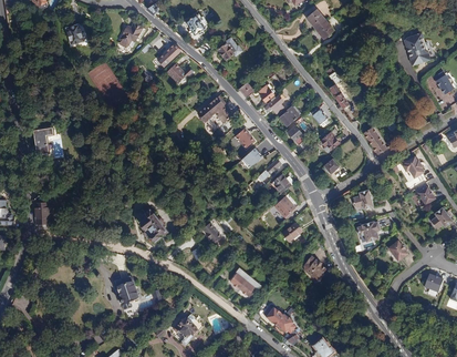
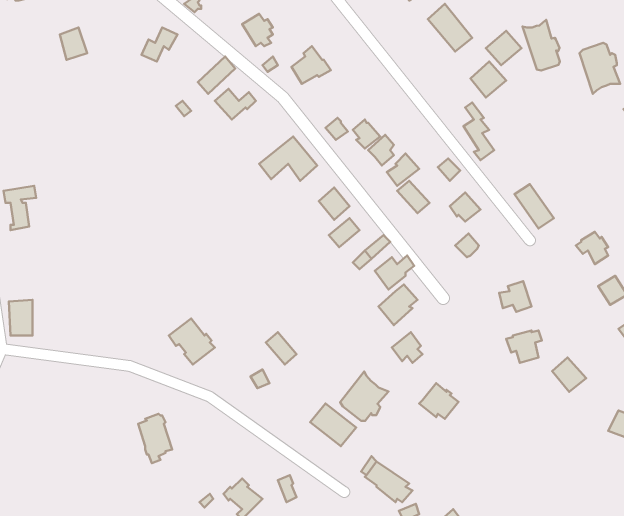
building: none -> [523,20,560,71]
building: none -> [340,371,388,421]

